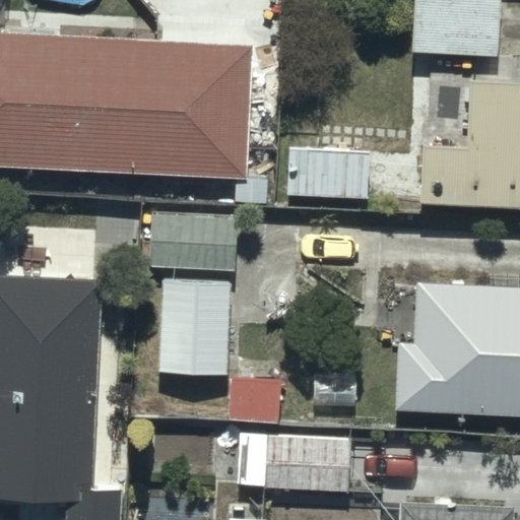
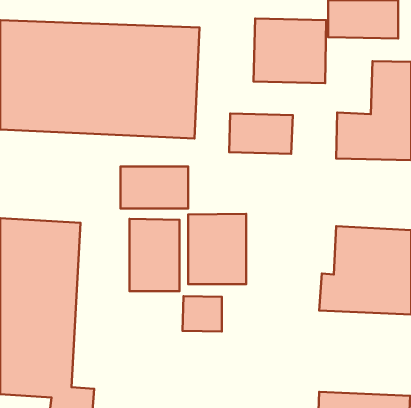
building: none -> [254,18,326,83]
building: none -> [188,214,246,284]
building: [238,434,352,496] -> none

